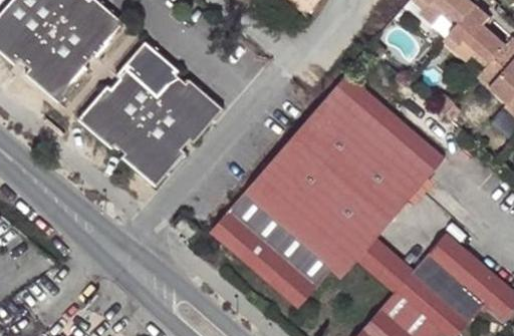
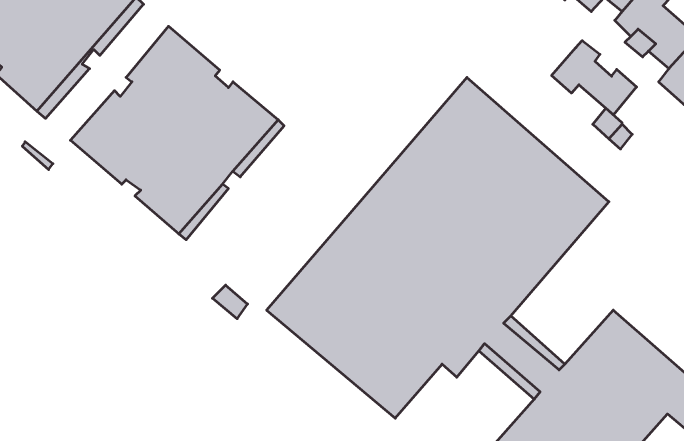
building: none -> [552,41,637,115]

